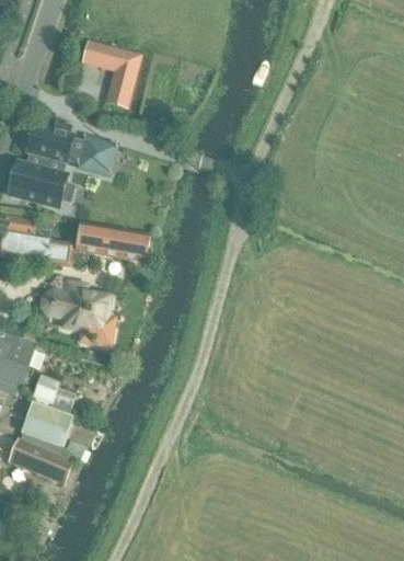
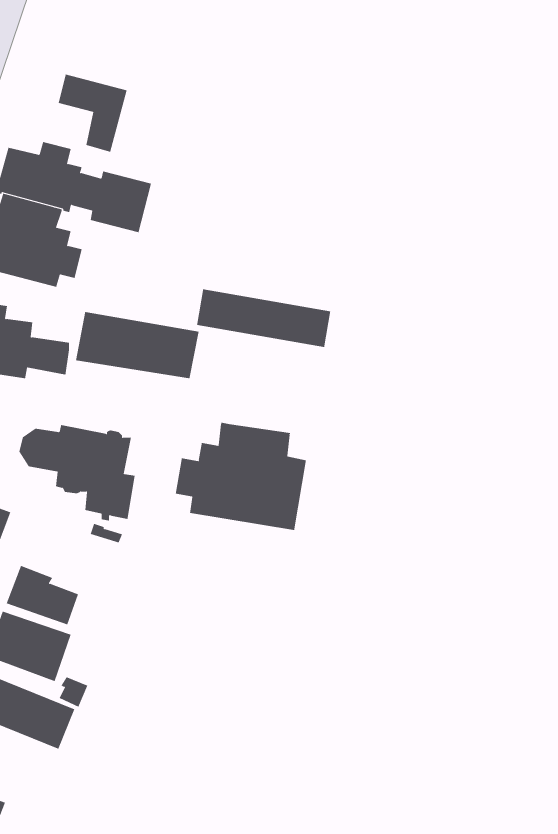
building: [101,44,142,91] -> [58,74,127,152]
building: none -> [197,289,331,348]
building: none -> [175,422,306,531]

